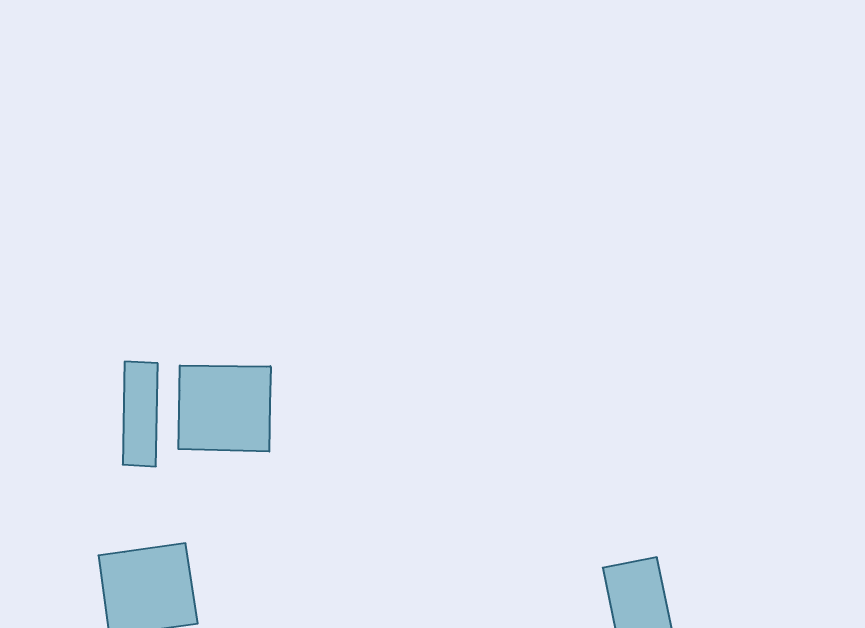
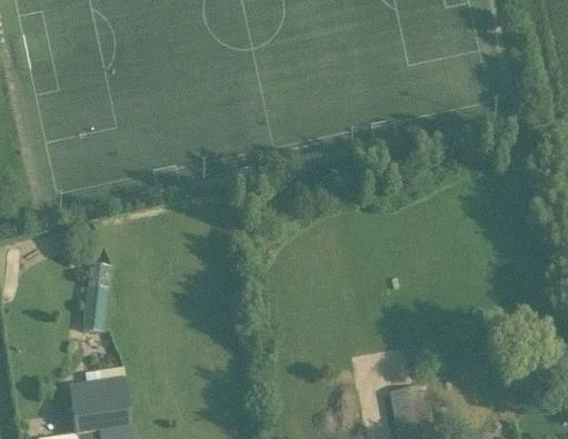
building: [178,365,271,452] -> none

